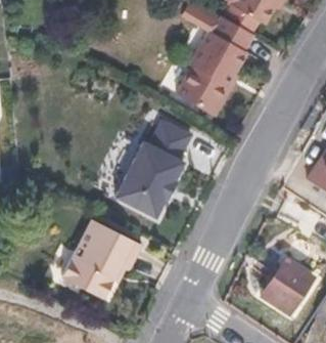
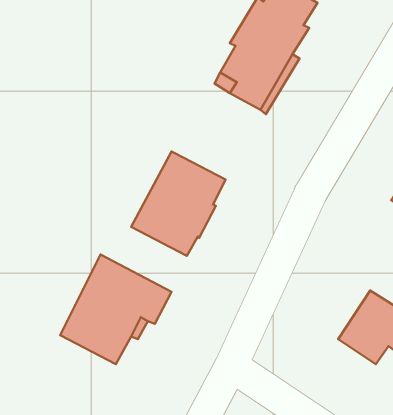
building: [147,119,192,161] -> none

